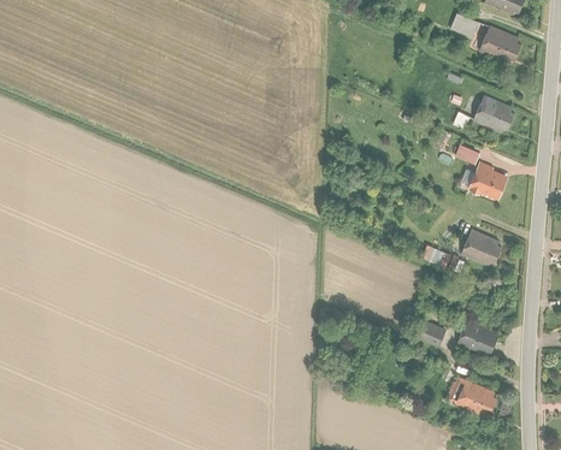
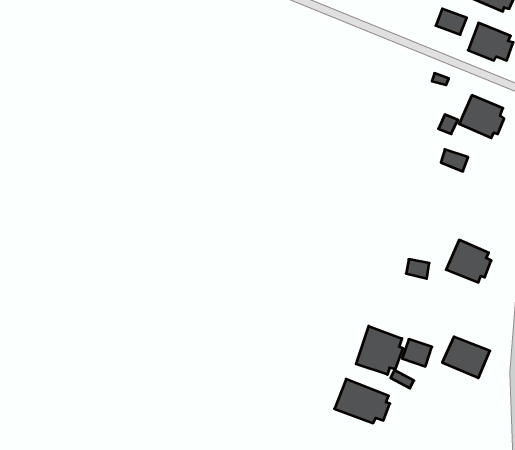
building: [466,161,508,201] -> none
building: none -> [356,326,403,375]
building: [444,374,496,415] -> [334,379,390,423]

